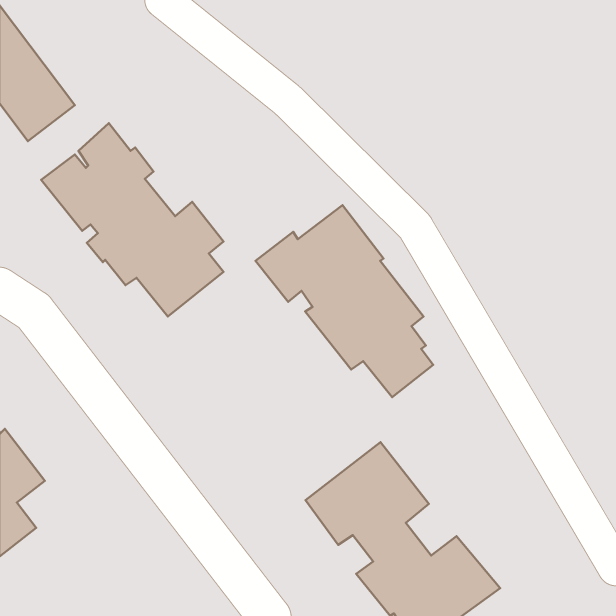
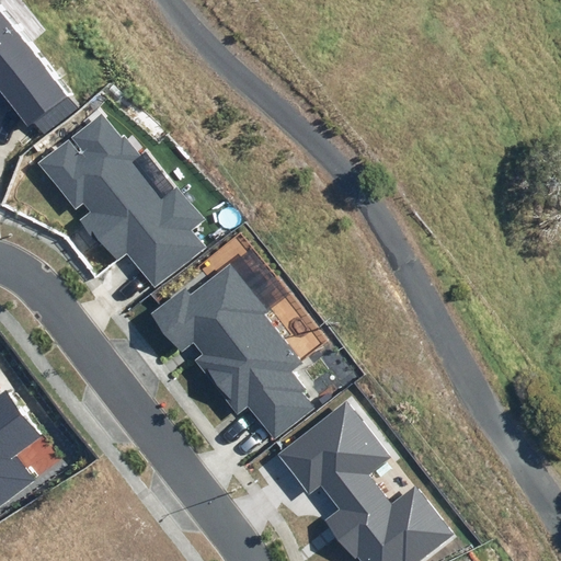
building: [256,205,433,397] -> [151,264,312,438]

